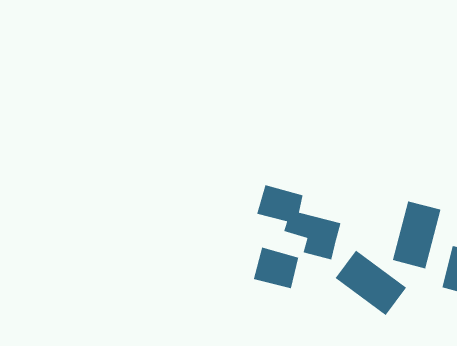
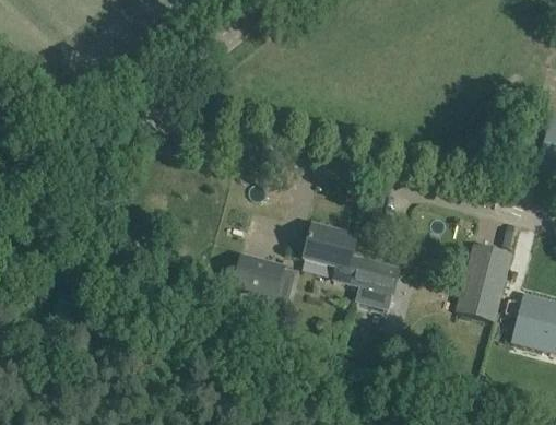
building: [253,246,299,289] -> [233,252,285,300]
building: [335,250,407,316] -> none

